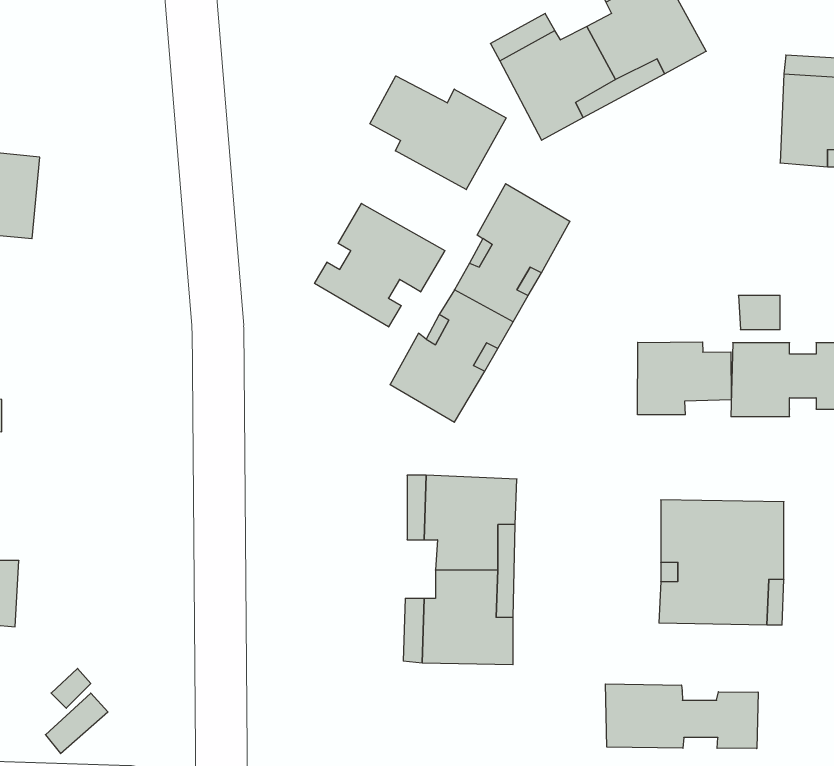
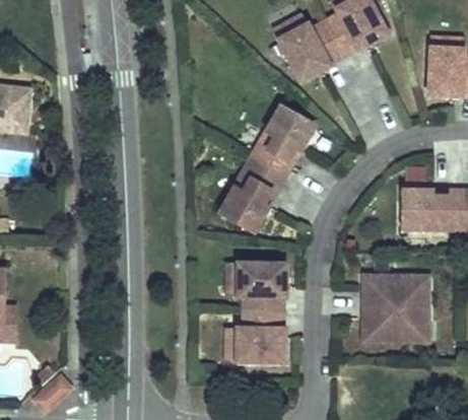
building: [370,76,506,190] -> none
building: [315,203,445,327] -> none
building: [638,342,731,415] -> none
building: [605,684,758,749] -> none

